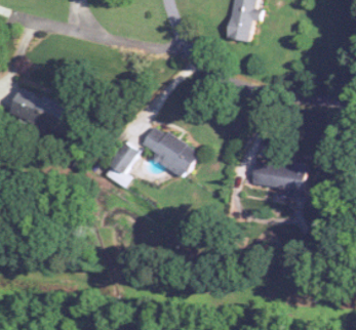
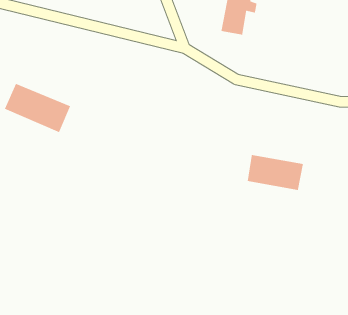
building: [139,123,196,175] -> none
building: [106,141,137,174] -> none

